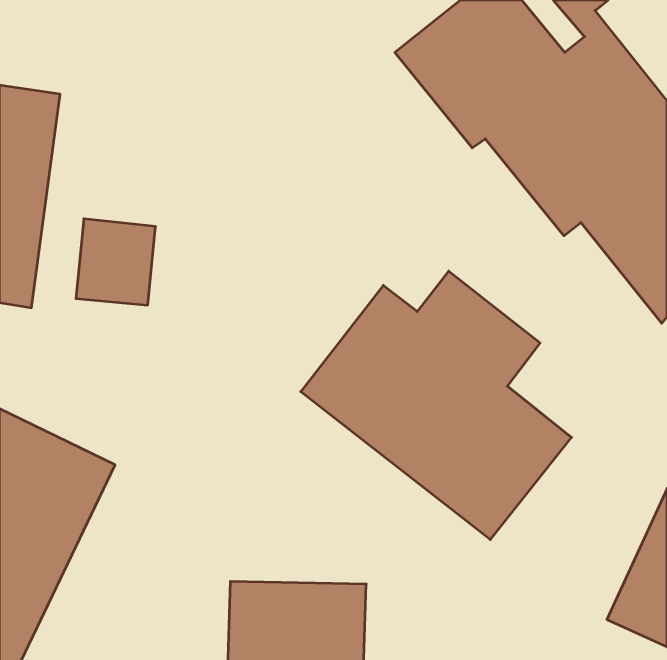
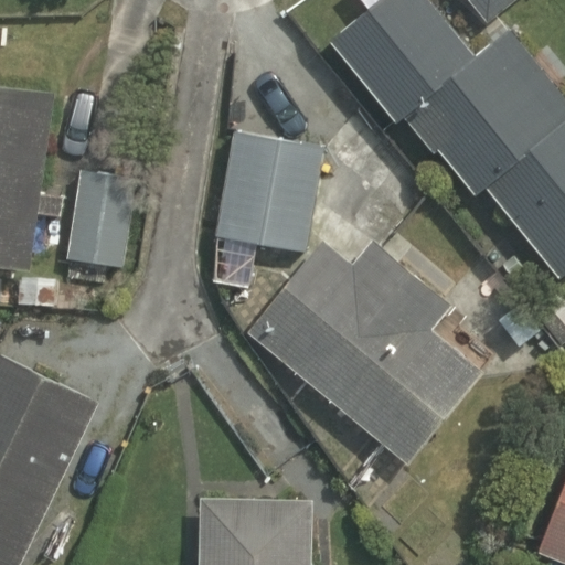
building: none -> [211,129,321,290]

